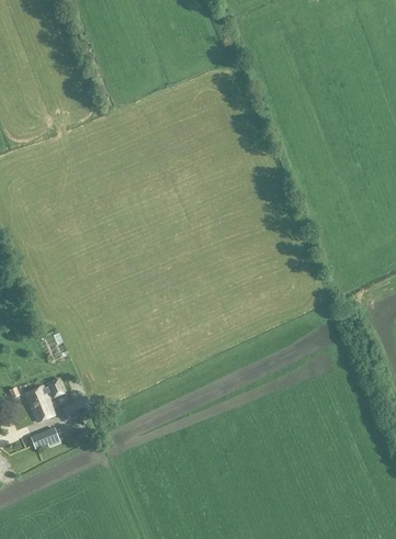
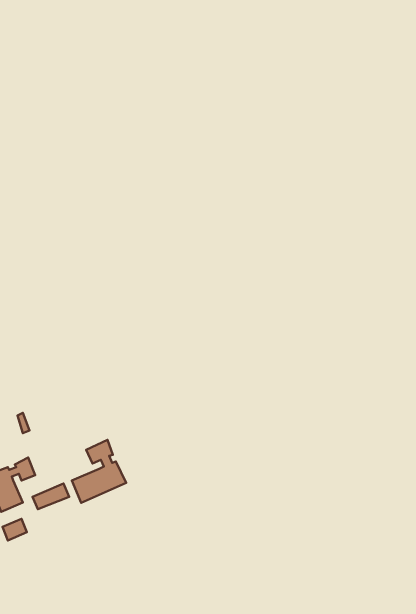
building: none -> [72,440,126,503]

